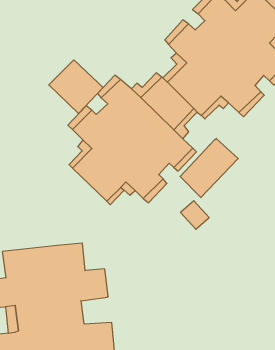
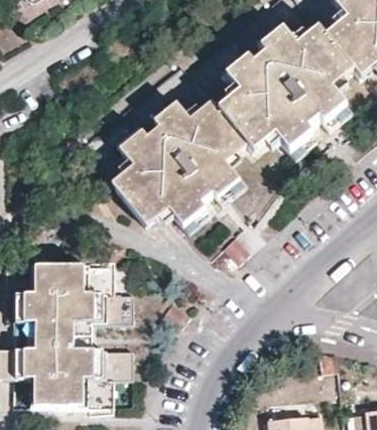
building: [49,60,103,114] -> none
building: [180,138,238,198] -> none

